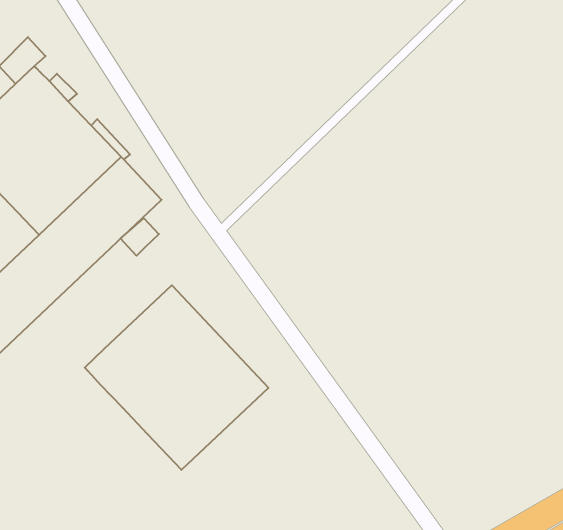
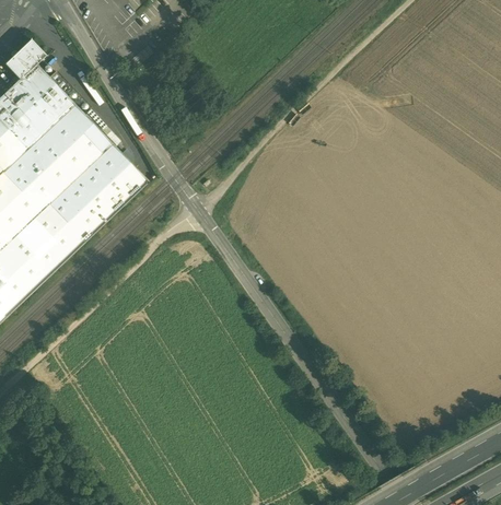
building: [120,218,159,256] -> none
building: [85,285,268,470] -> none

